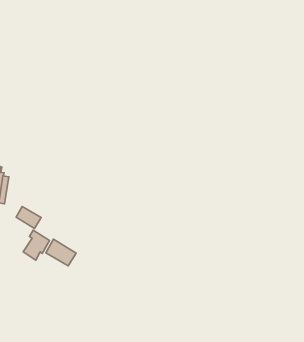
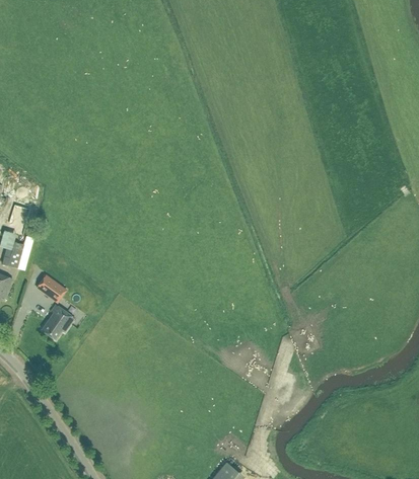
building: [46,239,76,266] -> none

